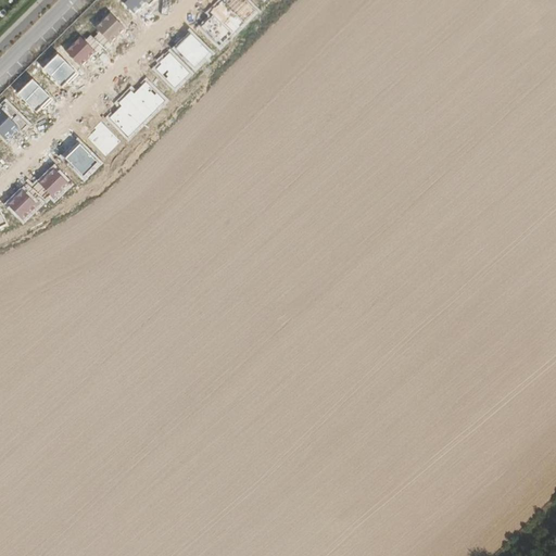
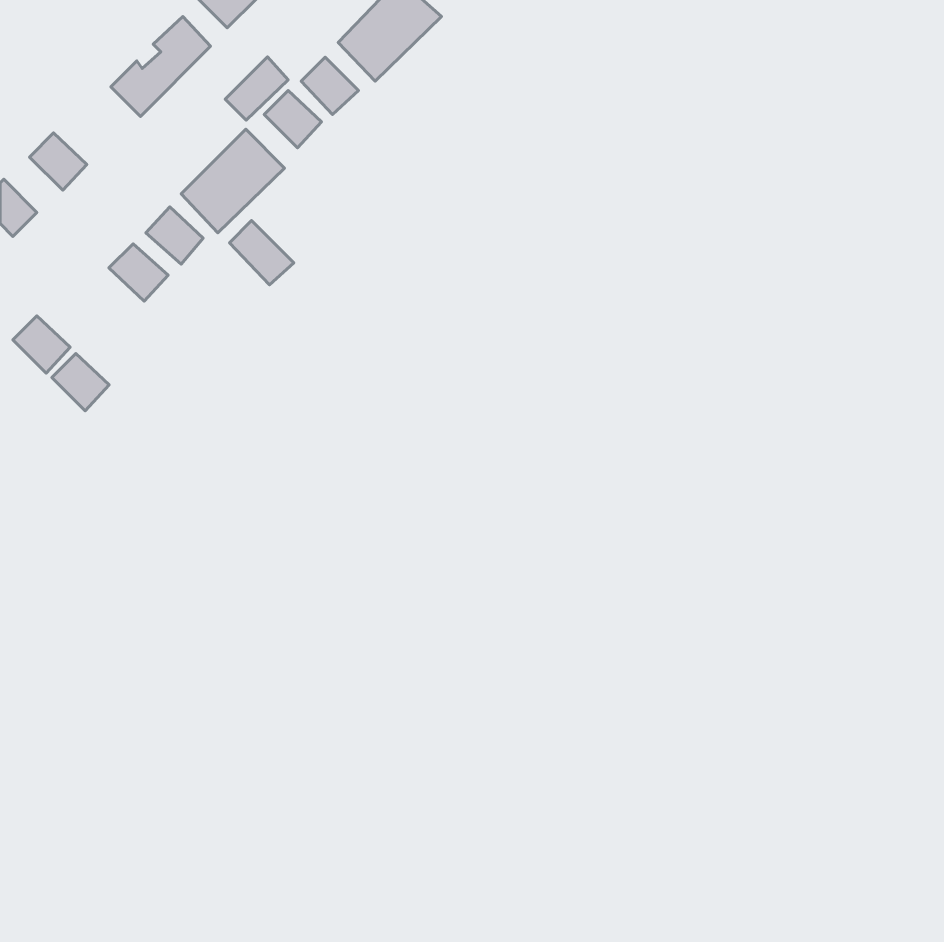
building: none -> [225,57,288,120]
building: [43,52,77,86] -> none
building: none -> [229,221,294,285]
building: [38,166,72,200] -> [52,353,109,411]

